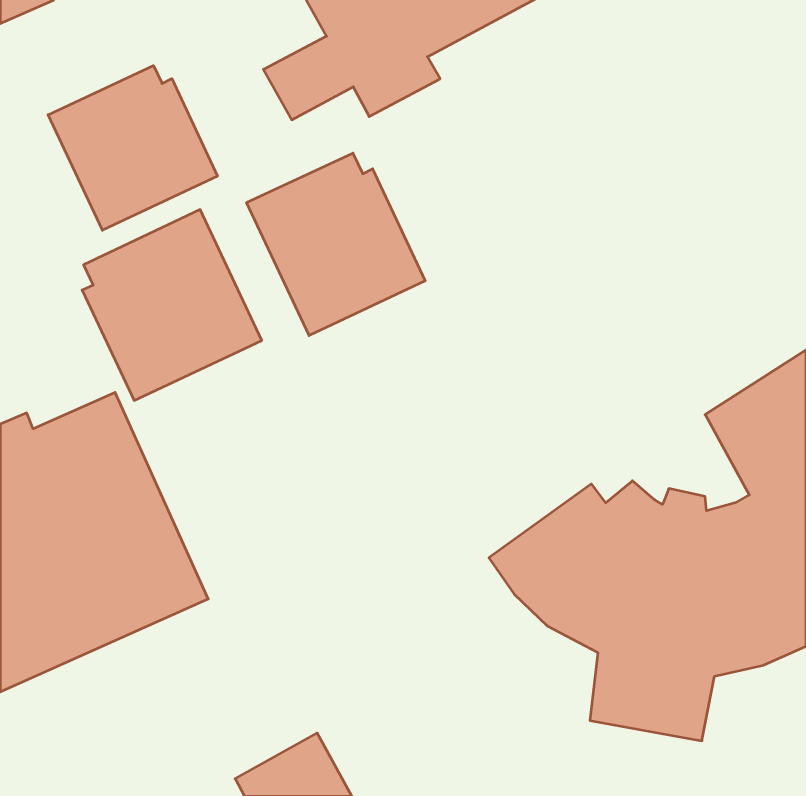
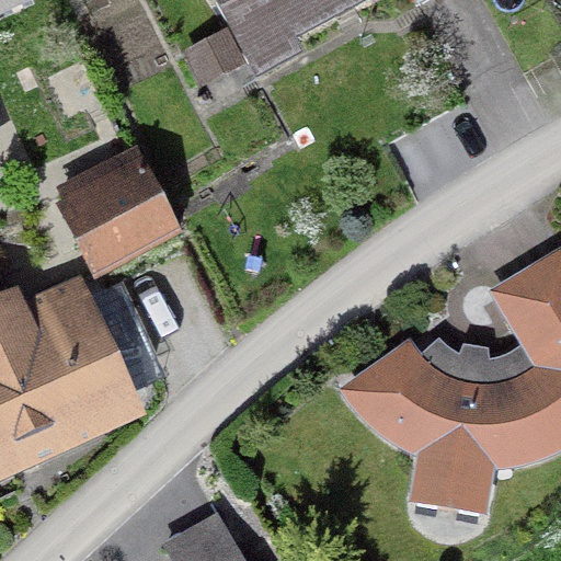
building: [48,66,217,230] -> none
building: [247,153,425,336] -> none

